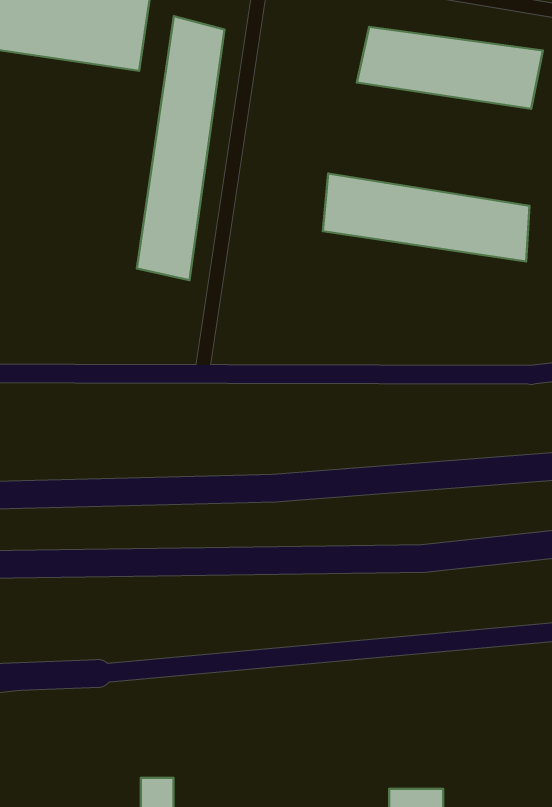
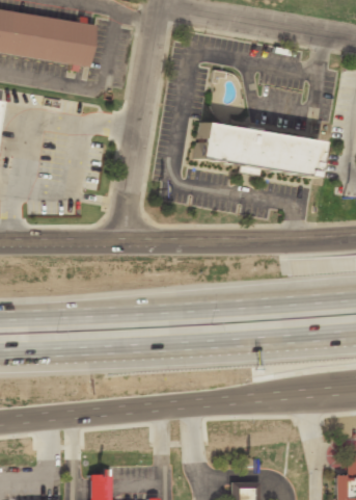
building: [137,16,224,280] -> none
building: [357,27,543,109] -> none

